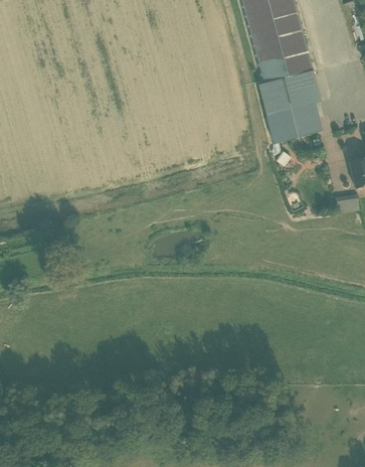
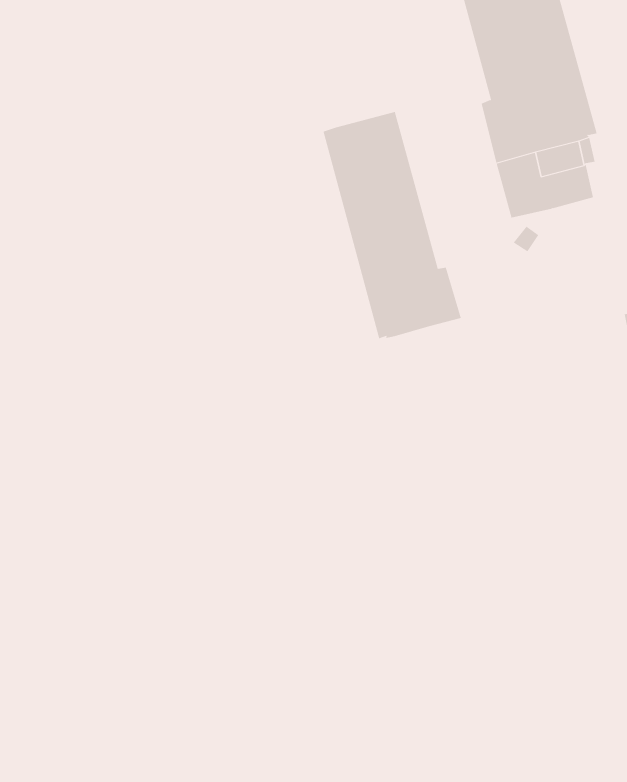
building: none -> [323,111,461,339]

